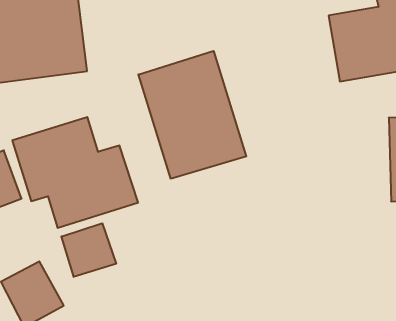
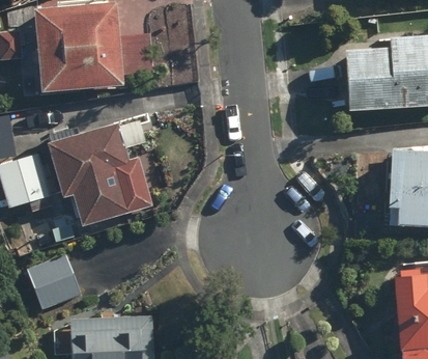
building: [138,51,246,179] -> none
building: [61,223,116,277] -> none

